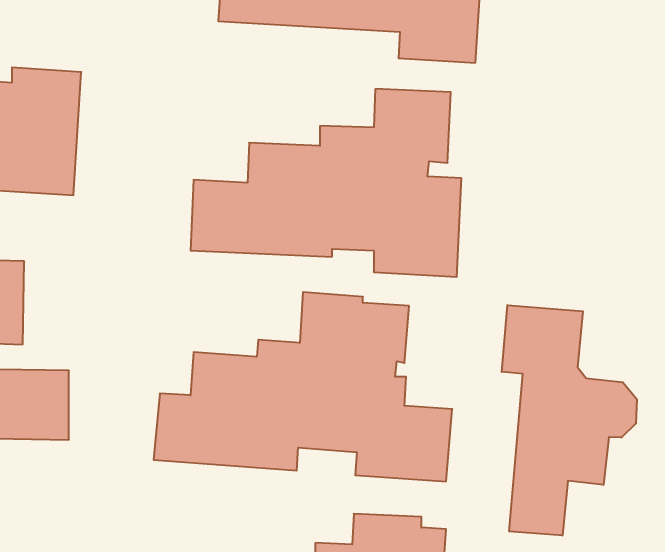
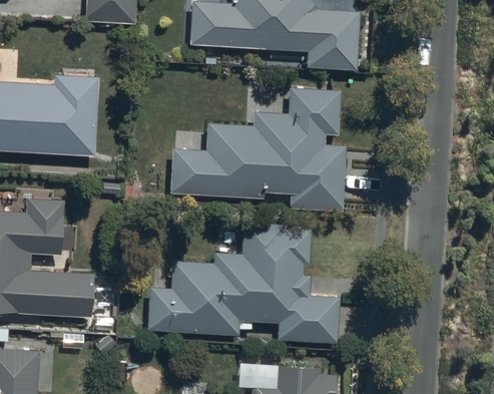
building: [502,305,637,536] -> none

